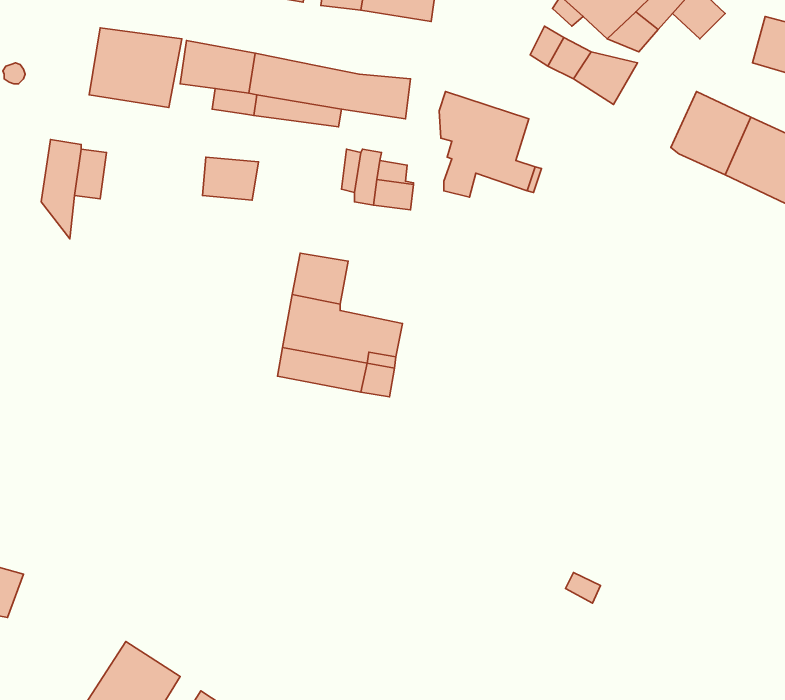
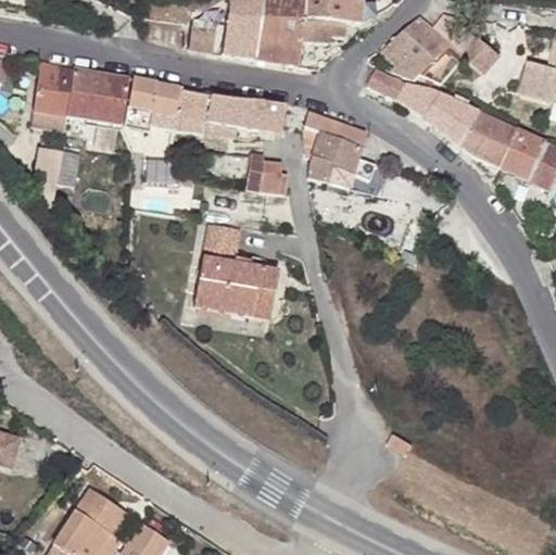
building: none -> [35,61,75,114]
building: none -> [424,92,480,150]

